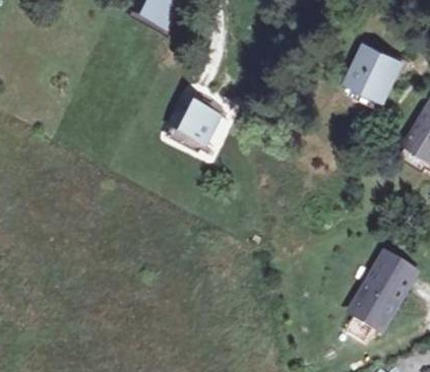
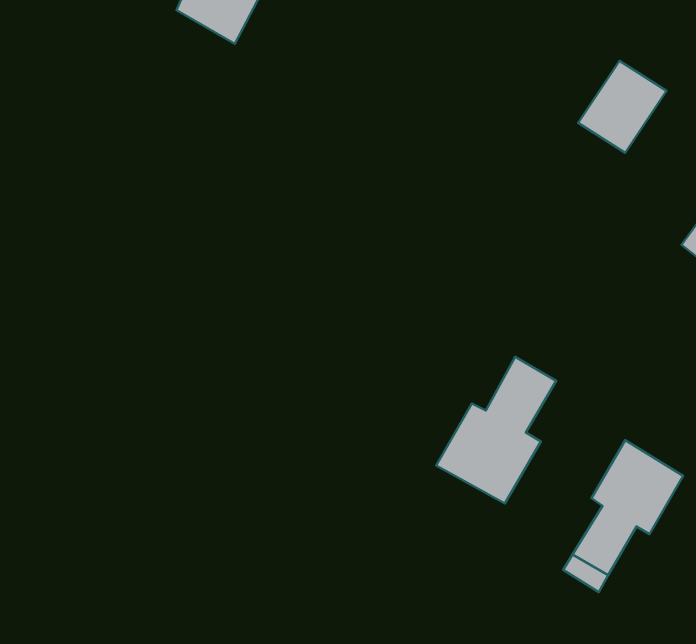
building: [173,97,223,142] -> none
building: none -> [436,357,556,503]

